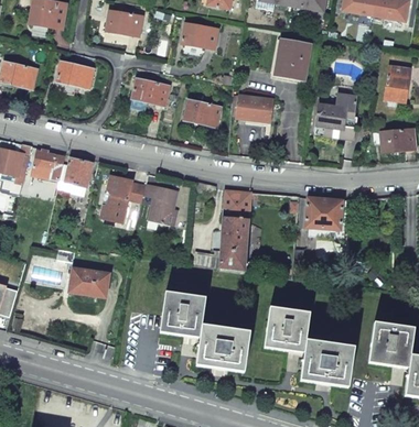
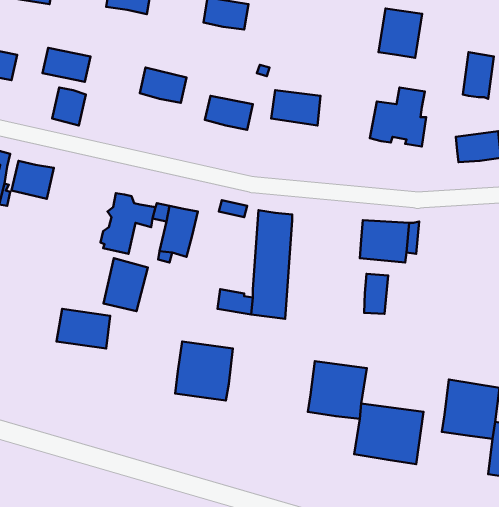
building: [276,41,310,79] -> [378,8,422,58]
building: [65,157,92,187] -> [52,87,86,125]
building: none -> [104,258,148,311]
building: none -> [364,274,388,314]
building: [195,325,250,372] -> none

